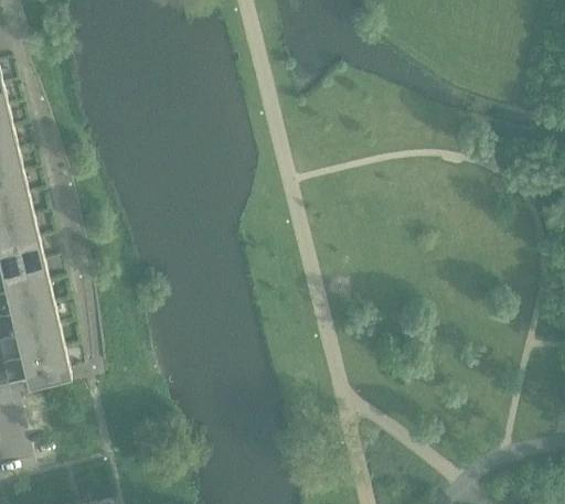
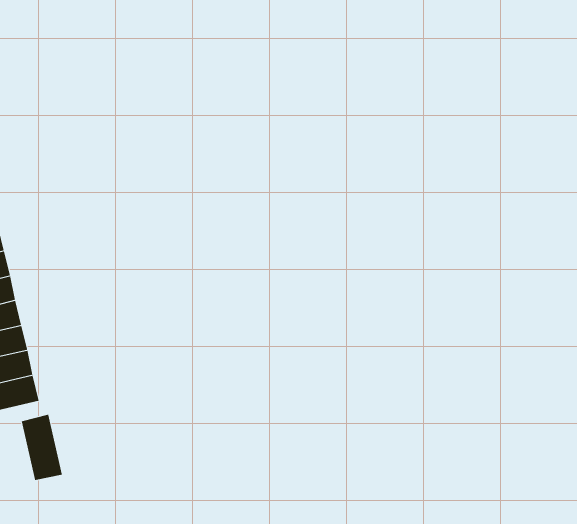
building: none -> [21,414,63,481]

